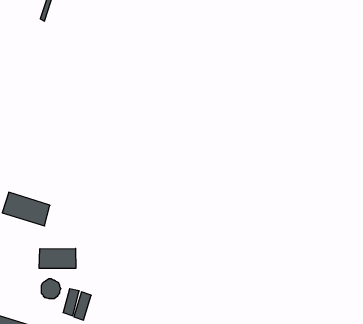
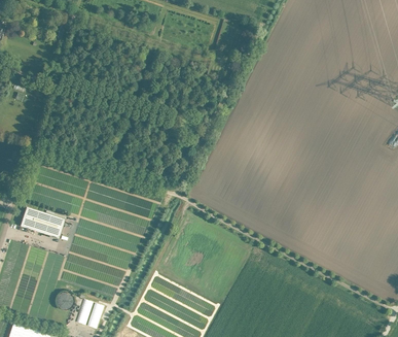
building: [39,248,76,268] -> none

